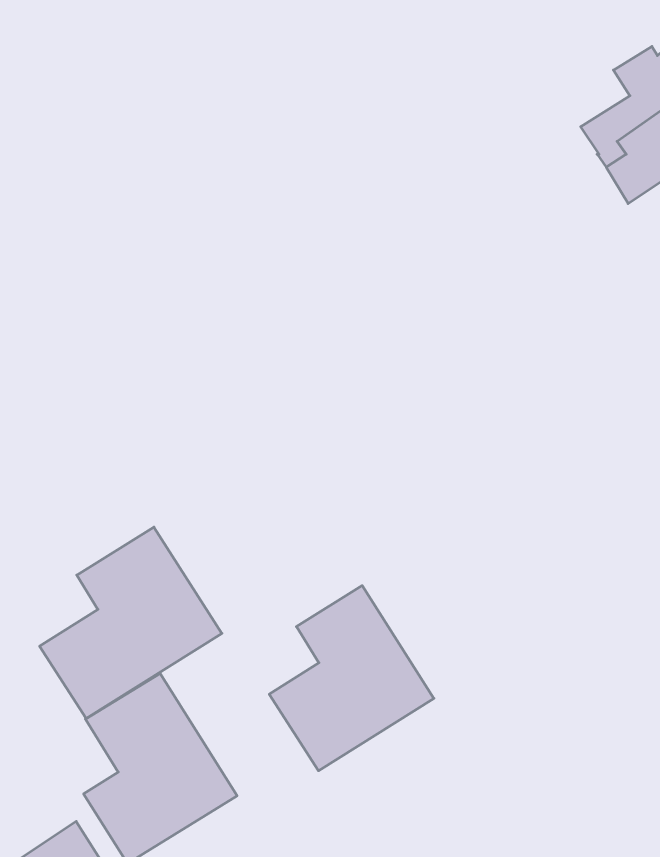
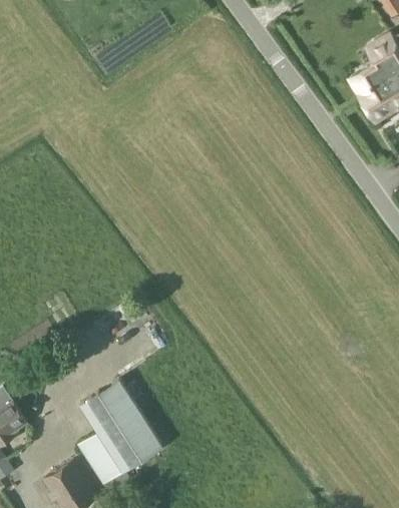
building: [40,527,222,719] -> none
building: [269,586,434,771] -> none

